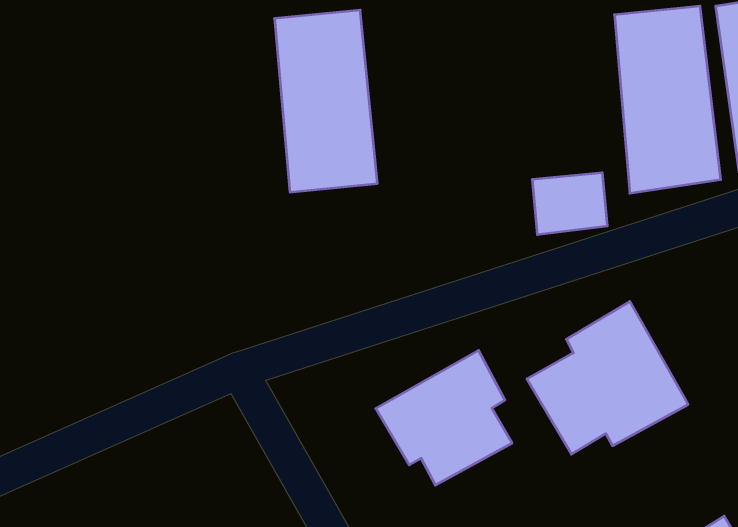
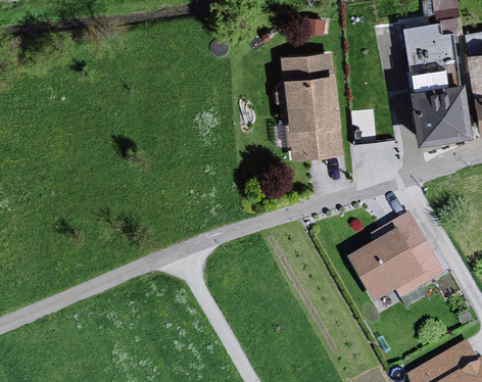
building: [274,10,377,192] -> [281,50,342,158]
building: [376,350,512,485] -> none

